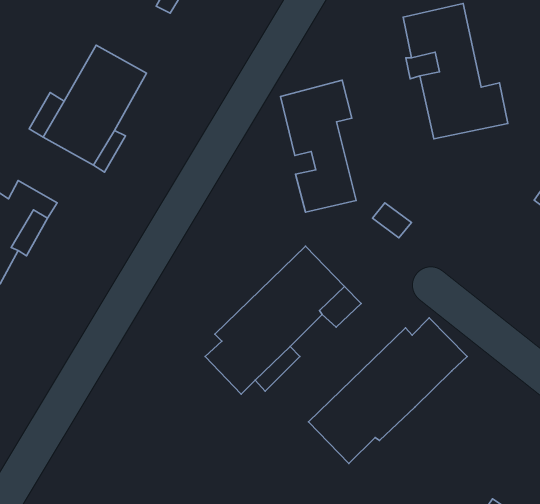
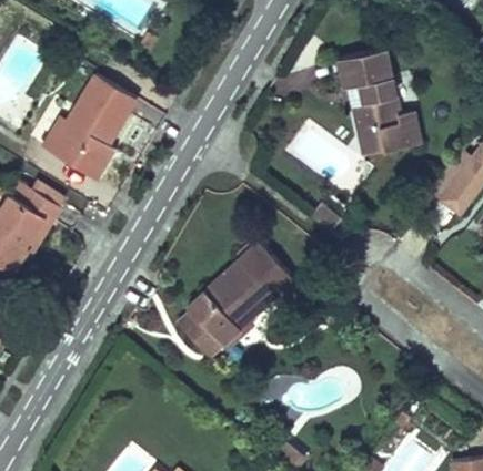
building: [281,80,356,212] -> none
building: [308,318,467,463] -> none

